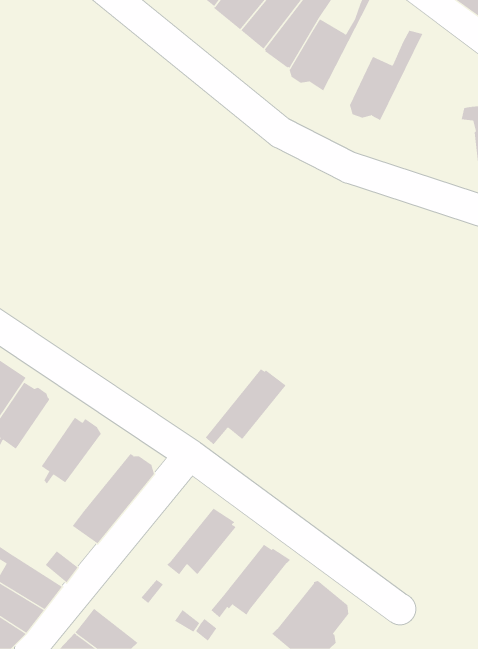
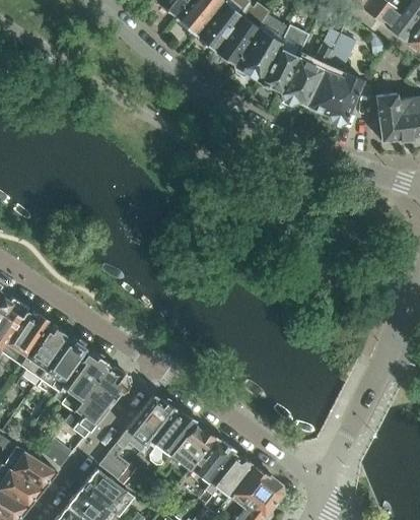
building: none -> [262,23,304,91]
building: none -> [306,36,364,124]
building: [205,369,286,445] -> [112,395,176,455]
building: none -> [21,324,67,383]
building: none -> [55,348,113,410]
building: none -> [158,424,214,477]
building: none -> [205,452,254,503]
building: none -> [82,467,133,514]

